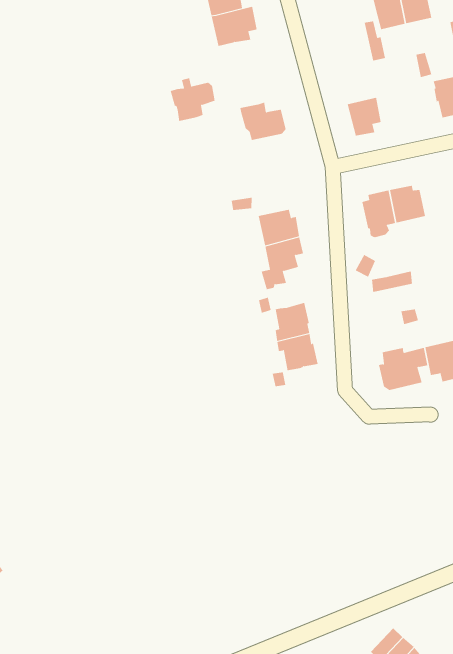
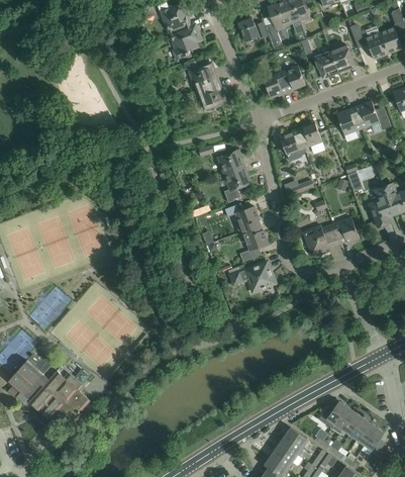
building: none -> [239,18,269,41]
building: [170,78,215,121] -> [188,63,217,91]
building: none -> [281,65,306,90]
building: none -> [228,262,275,291]

